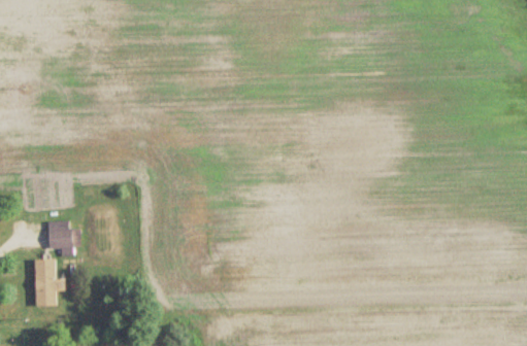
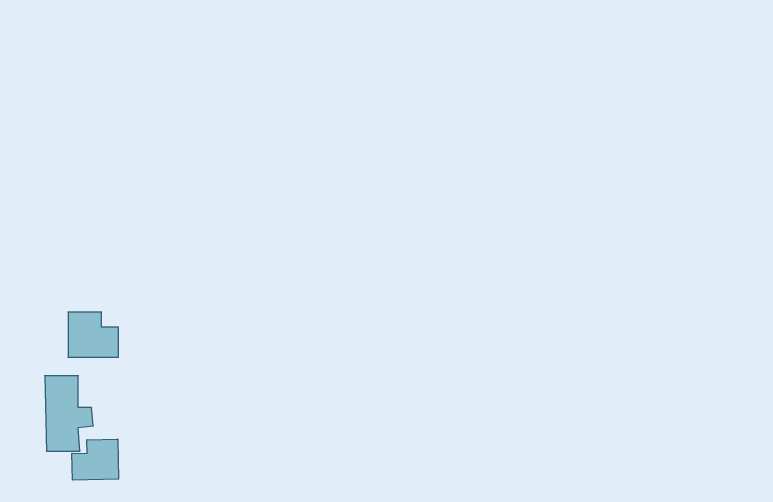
building: none -> [72,439,119,480]

